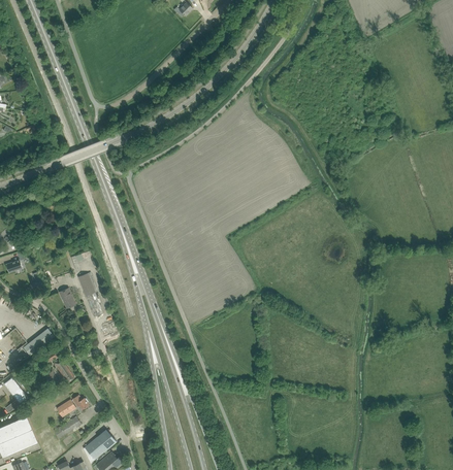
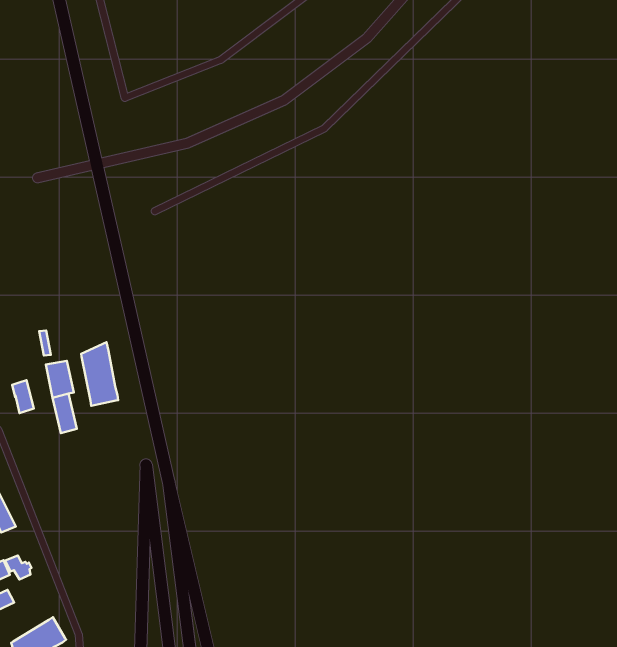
building: none -> [81,342,118,406]

